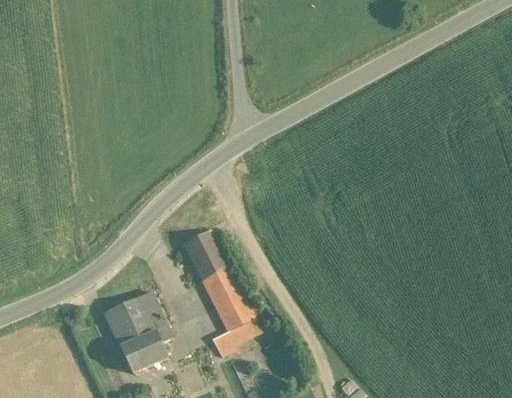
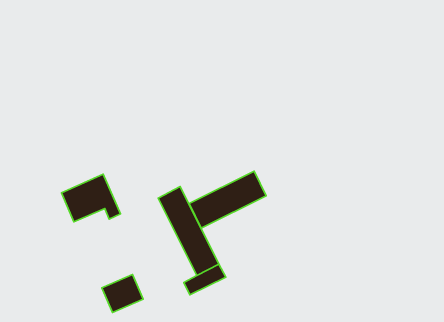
building: none -> [189,171,266,228]
building: [105,291,172,345] -> [62,174,121,222]

